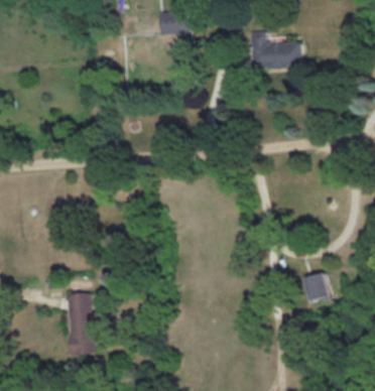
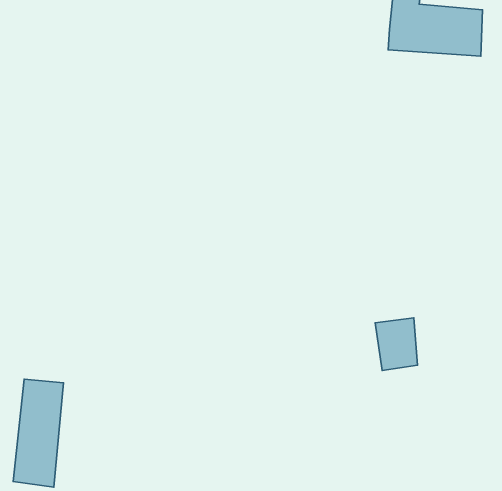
building: [302,271,331,304] -> [375,318,417,371]

